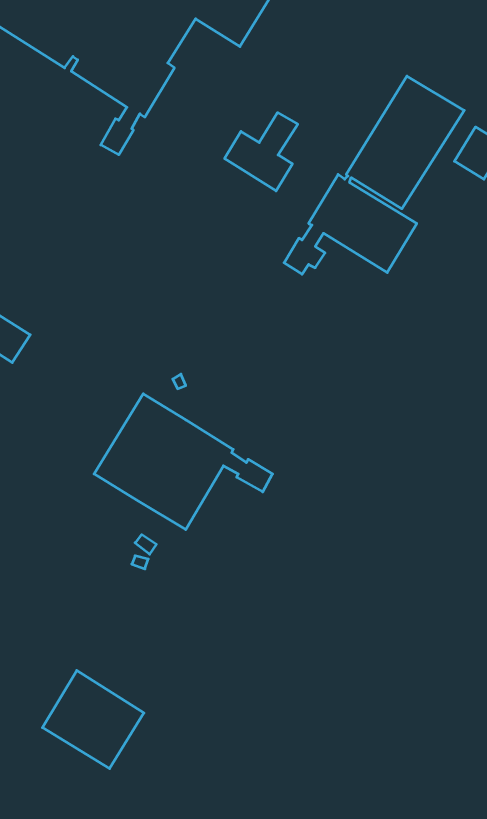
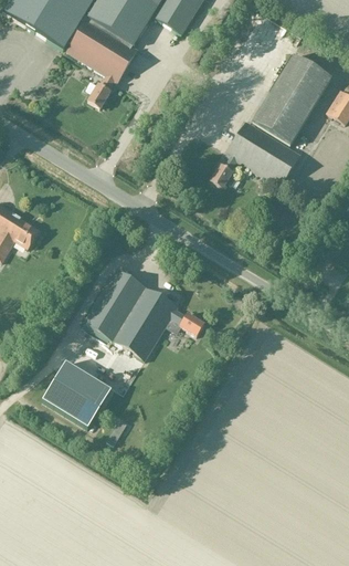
building: [225,113,298,191] -> none
building: [42,670,144,769] -> [42,360,110,427]

